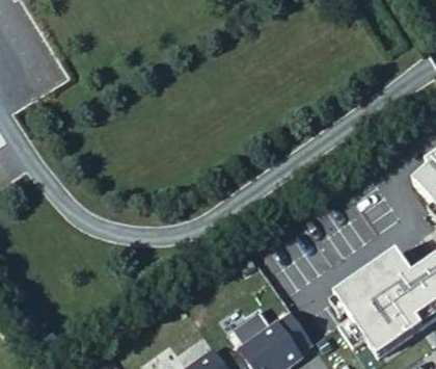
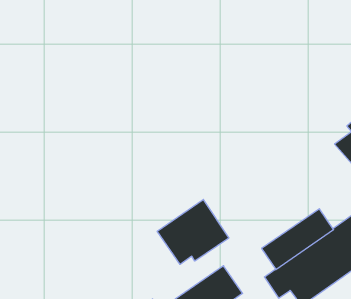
building: none -> [157,199,229,264]

